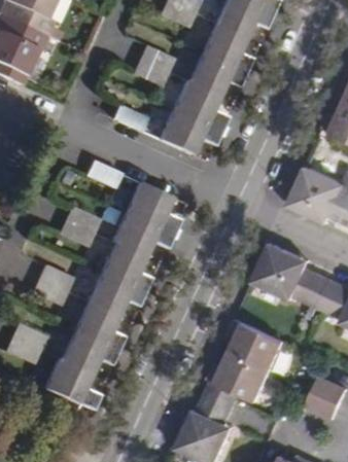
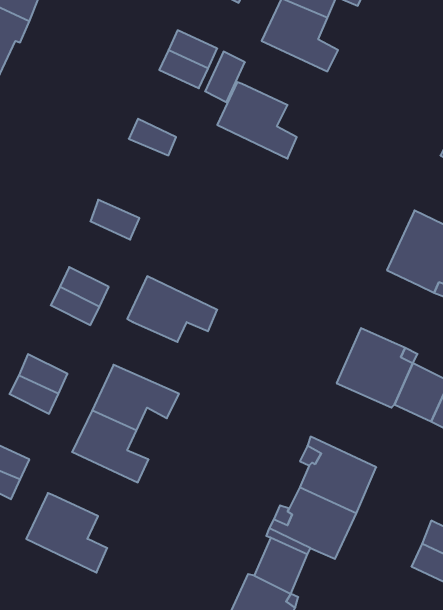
building: [189,51,247,95] -> none
building: [159,108,220,153] -> none
building: [126,181,180,233] -> none
building: [103,241,154,289] -> none
building: [62,328,119,371] -> none

